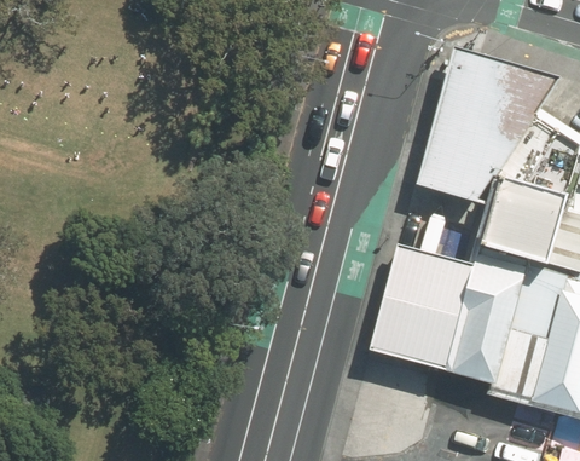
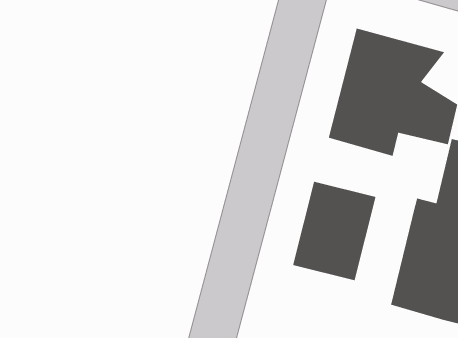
building: [488,180,567,261] -> none
building: [446,259,524,394] -> none

